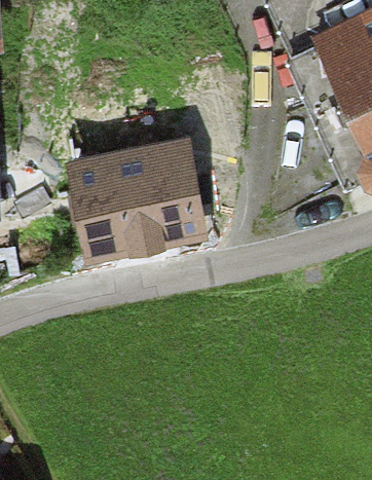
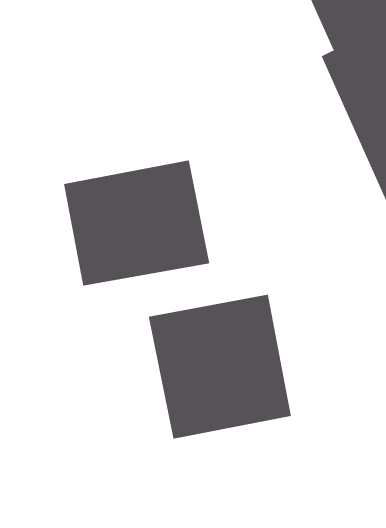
building: none -> [148,294,292,439]

